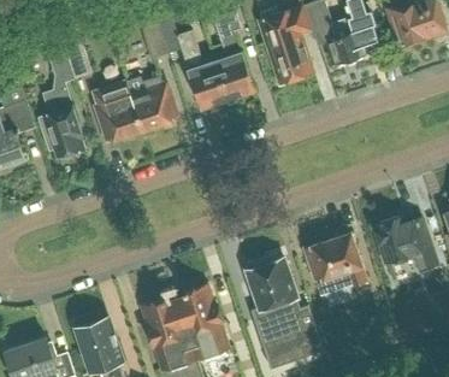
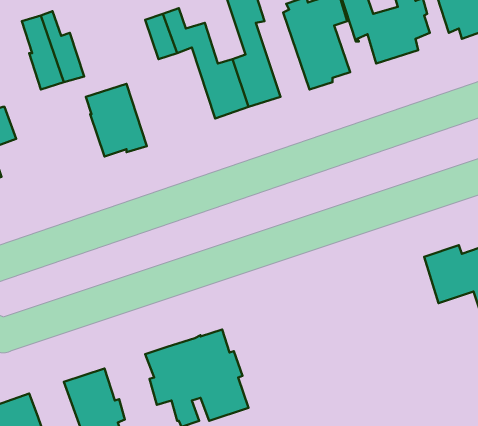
building: [126,76,177,134] -> none
building: [36,88,85,159] -> none
building: [305,234,366,296] -> none
building: [247,259,324,359] -> none

